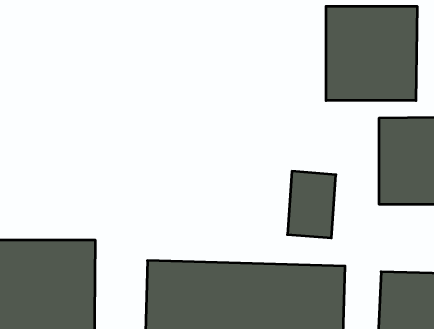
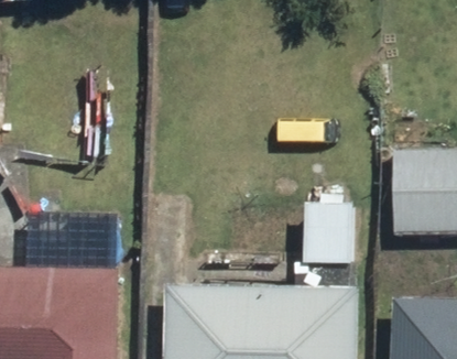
building: [326,6,417,101] -> none

